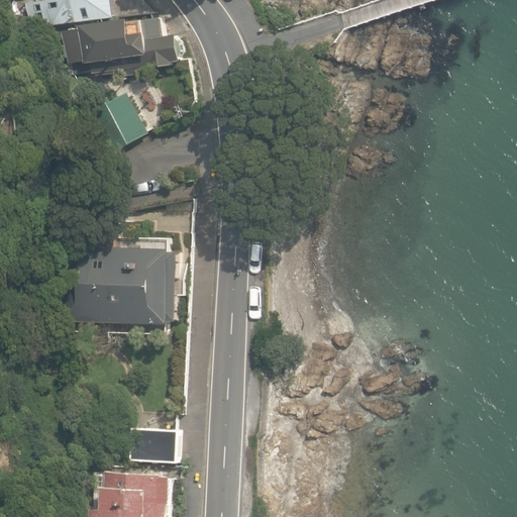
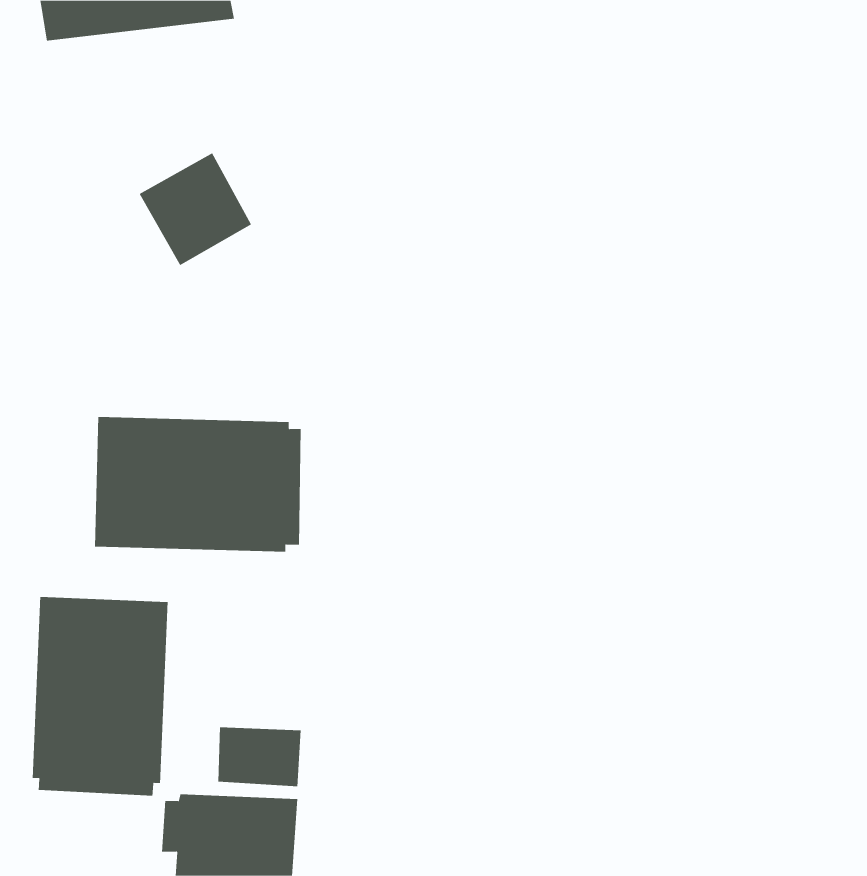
building: [63,16,179,75] -> none
building: none -> [32,596,168,796]

